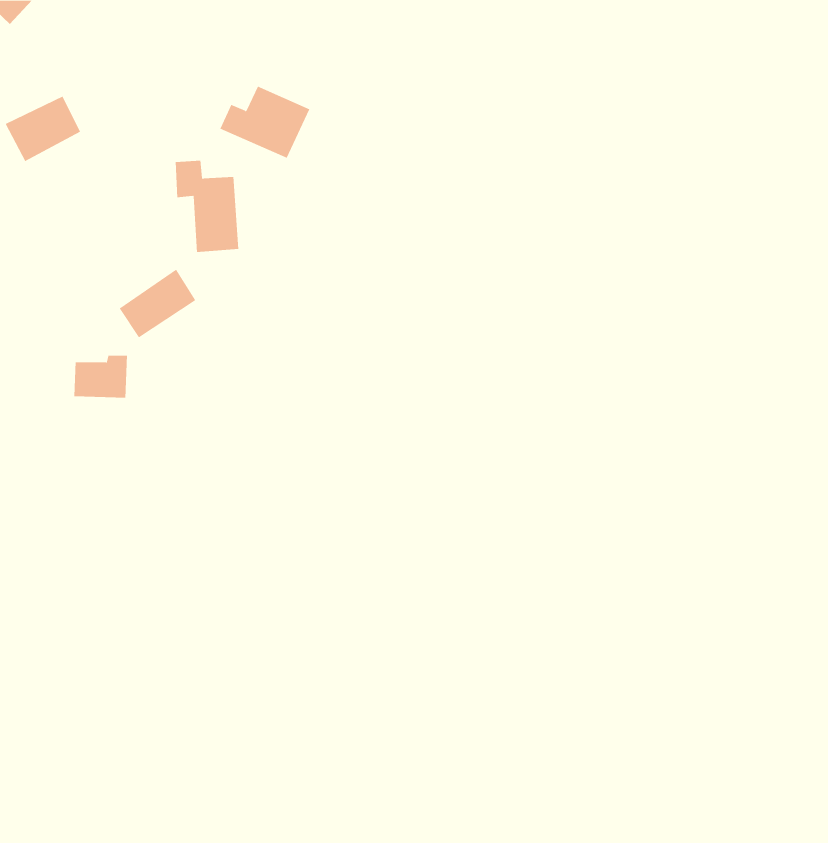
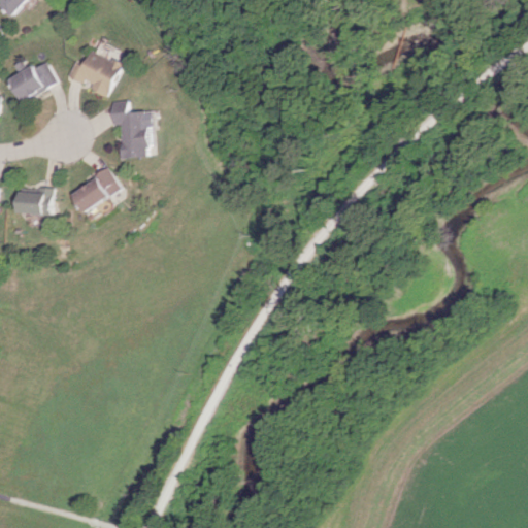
building: [219,86,310,159] -> [61,50,118,95]
building: [73,355,128,398] -> [19,187,53,213]

